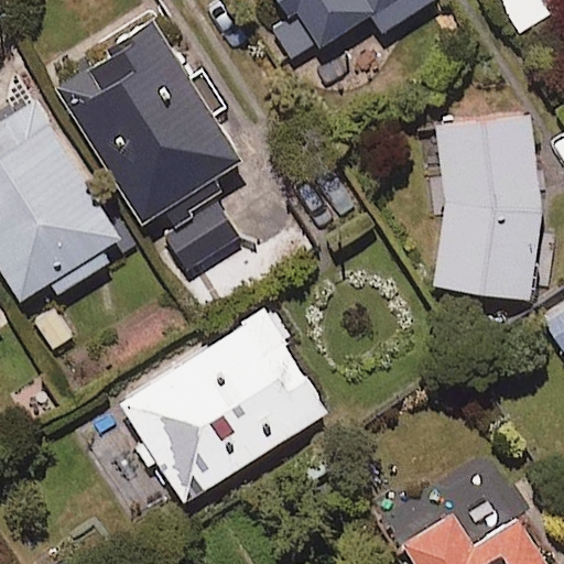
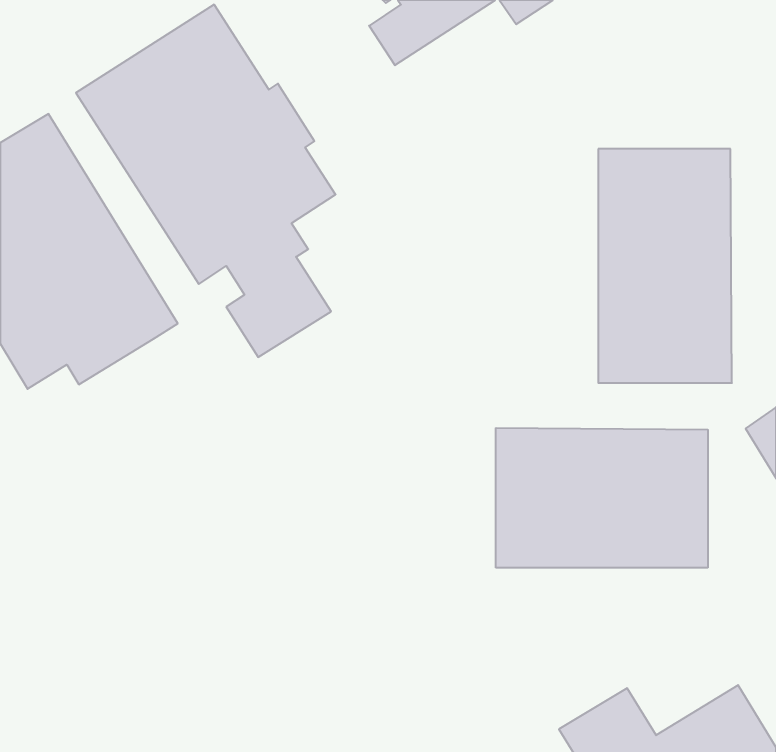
building: [122,310,329,501] -> none
building: none -> [496,428,708,568]

